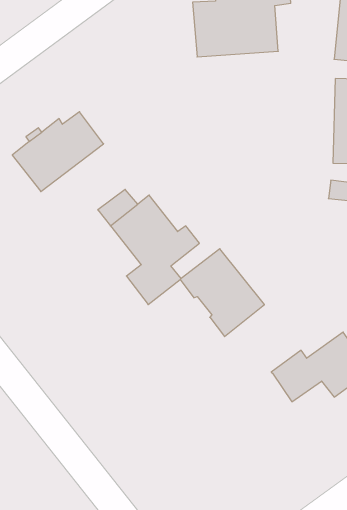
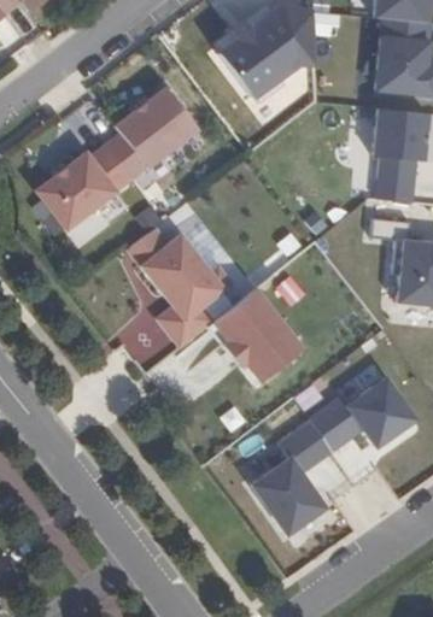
building: none -> [107,87,198,178]
building: none -> [118,310,179,371]
building: none -> [252,421,332,534]

